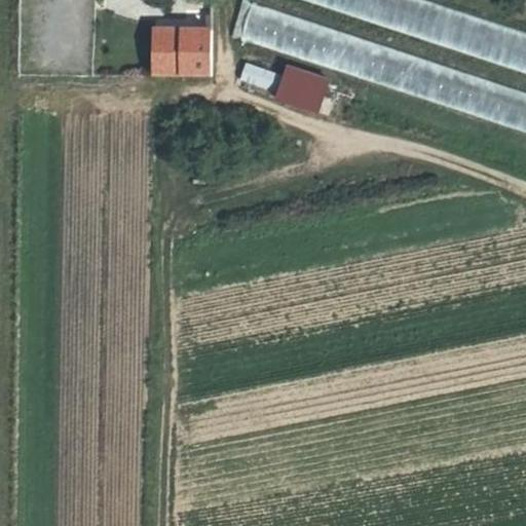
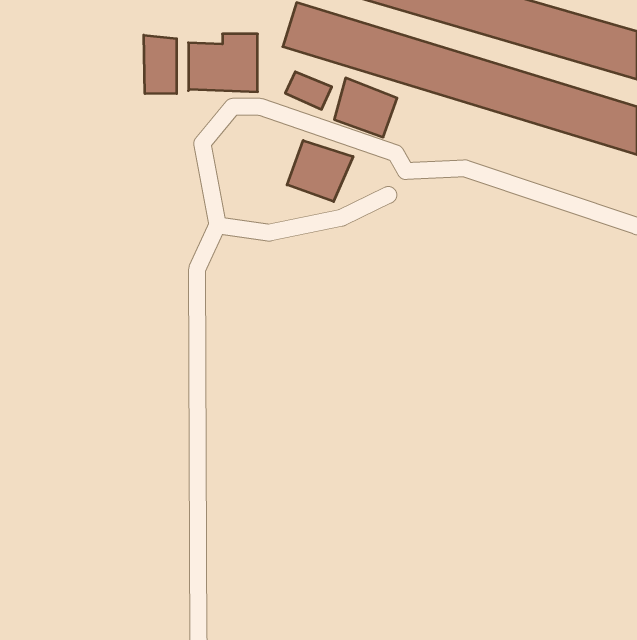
building: none -> [144,35,177,94]
building: none -> [287,140,353,202]

